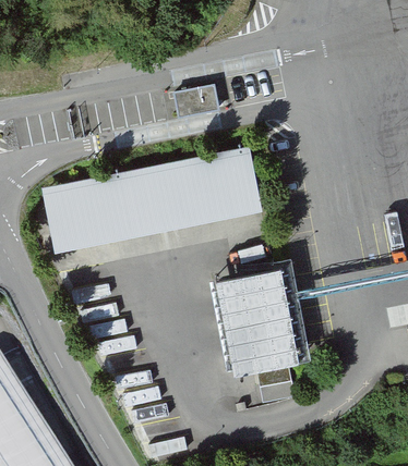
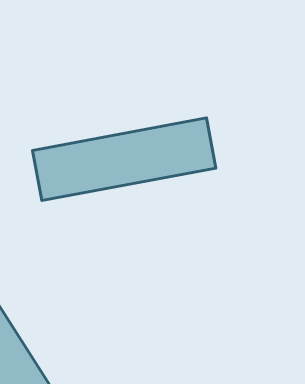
building: [178,91,220,118] -> none
building: [214,265,310,373] -> none

